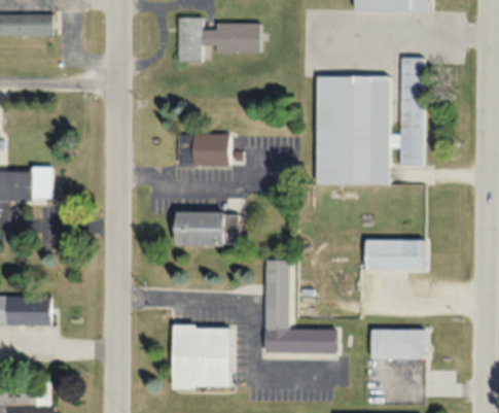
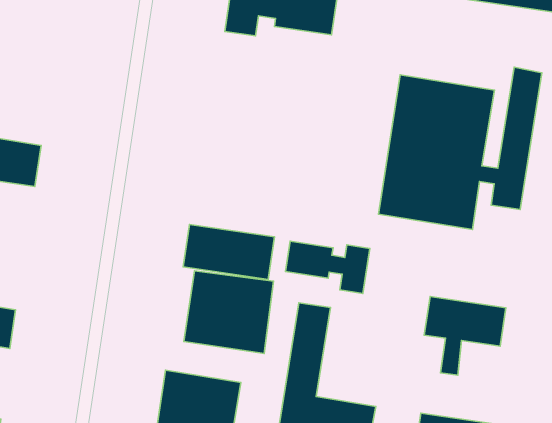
building: [177,134,230,164] -> none
building: none -> [285,241,370,293]
building: none -> [184,271,274,353]

